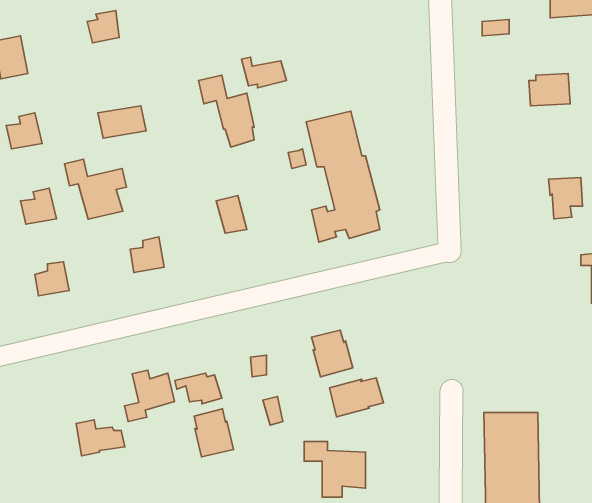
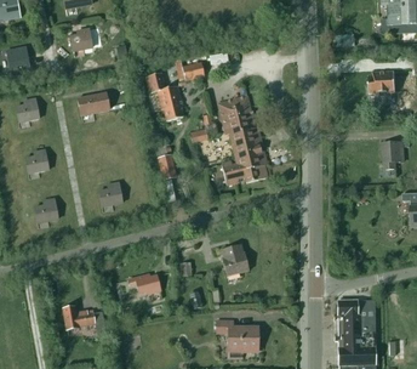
building: [64,159,126,219] -> none
building: [125,370,175,422] -> none
building: [329,378,384,417] -> none
building: [194,409,234,457] -> none

